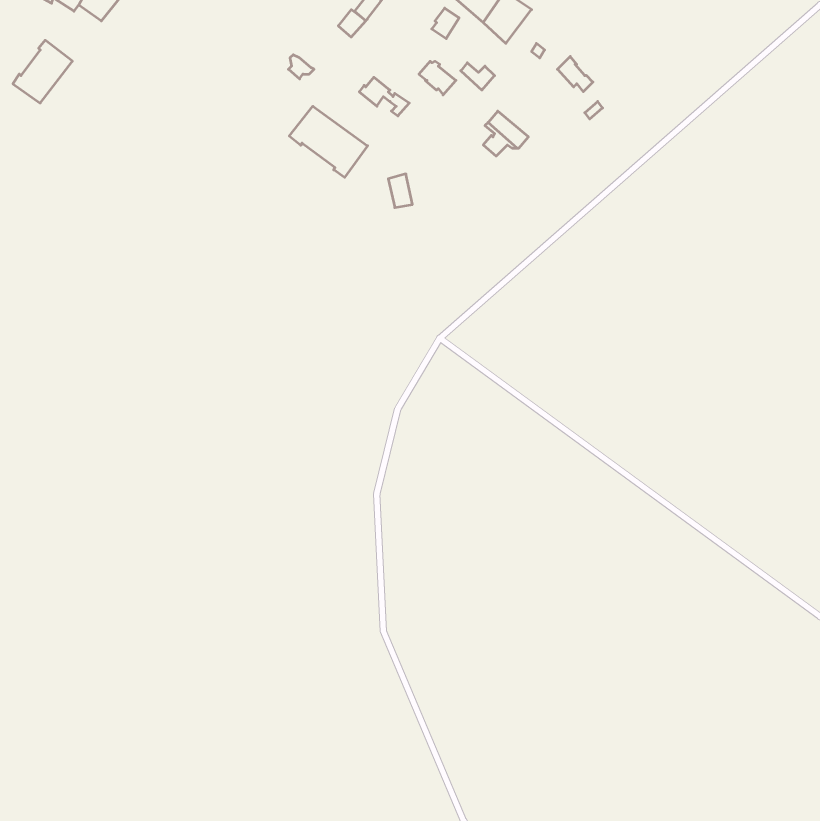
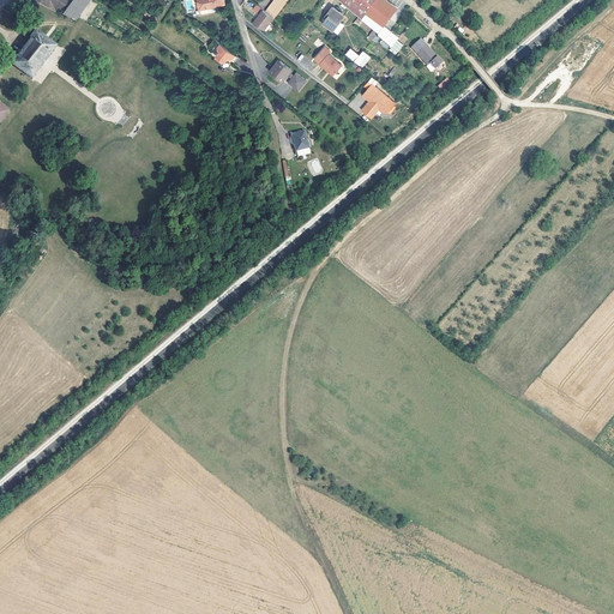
building: [289,106,368,177] -> none

